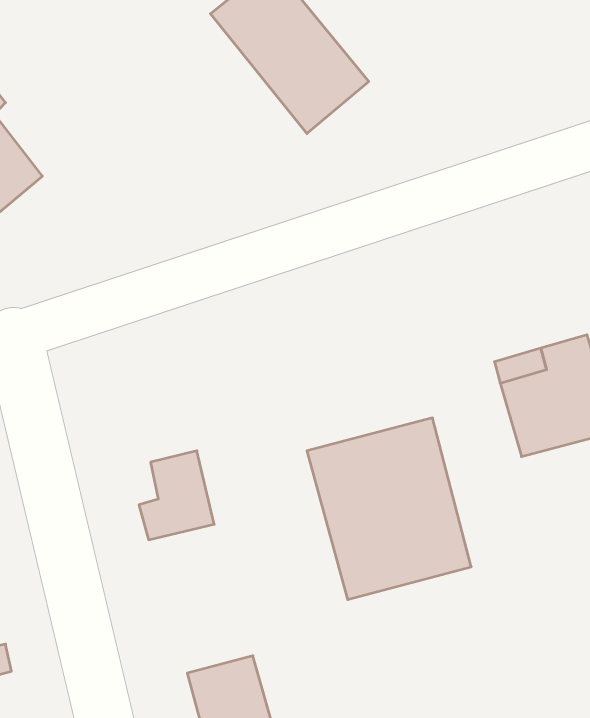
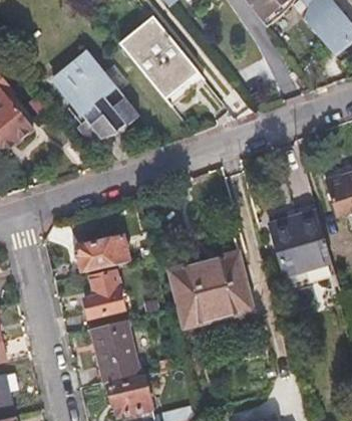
building: none -> [53,51,140,139]
building: none -> [71,235,127,271]
building: none -> [90,319,137,381]

